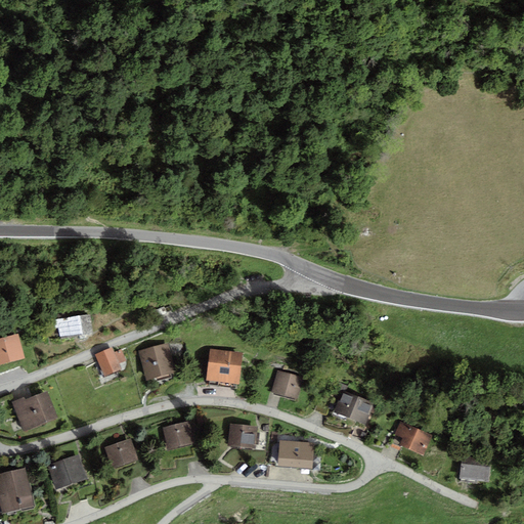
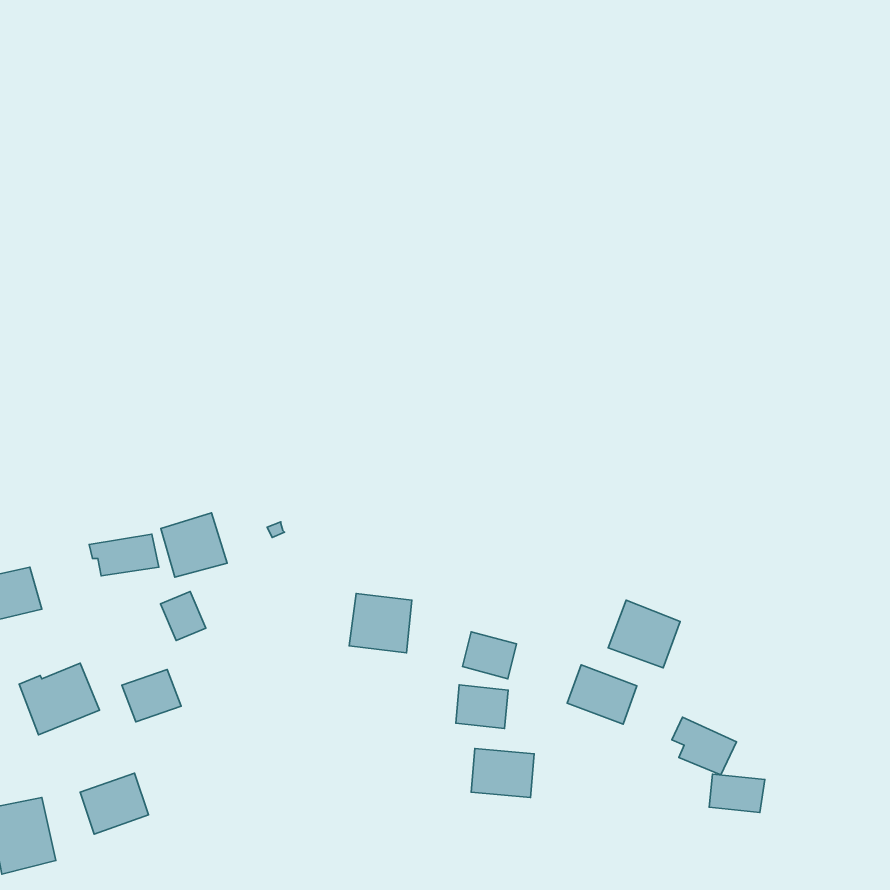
building: [138,341,177,379] -> [161,513,227,577]
building: none -> [608,600,680,668]
building: [161,419,199,450] -> none
building: [227,423,258,448] -> [456,685,508,729]
building: [103,437,138,468] -> [122,670,181,722]
building: [458,458,491,481] -> [709,774,765,813]

